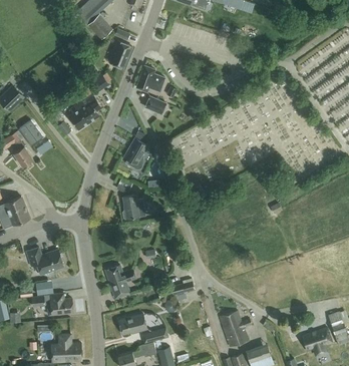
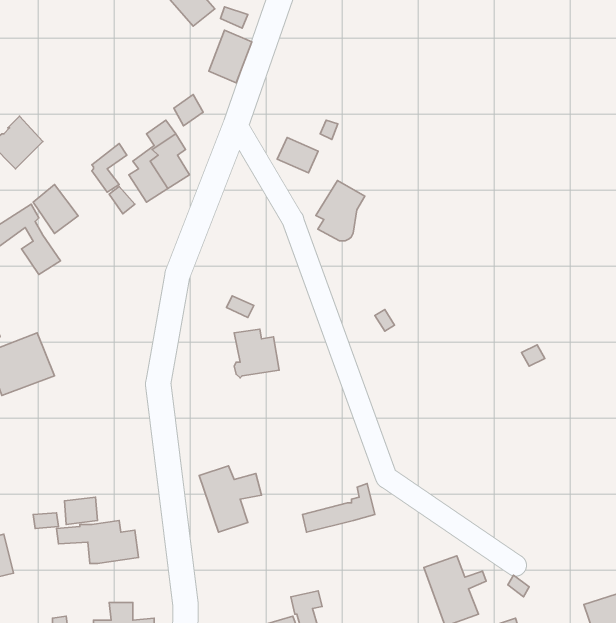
building: [135,65,165,92] -> none
building: [123,138,148,169] -> [316,180,365,241]
building: [26,248,66,277] -> none
building: [118,314,147,335] -> none

